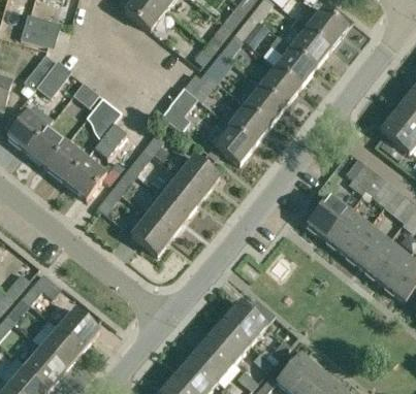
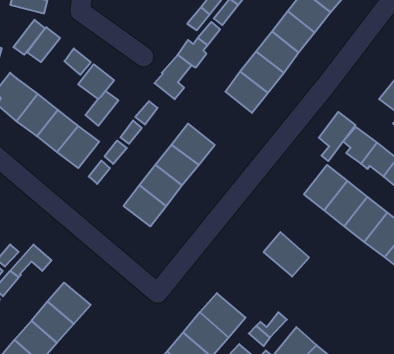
building: [214,123,256,163] -> none
building: none -> [319,112,355,161]
building: [222,299,266,342] -> [264,232,309,277]

